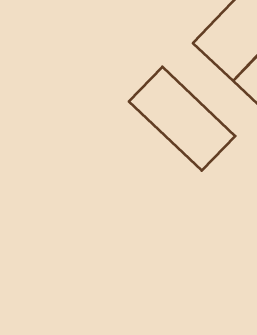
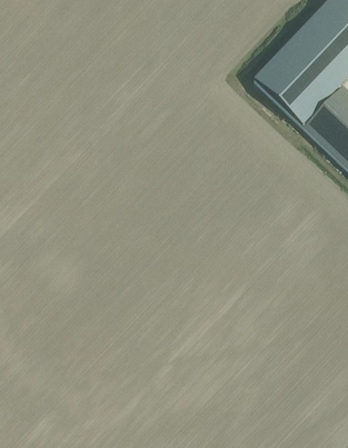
building: [129,67,235,171] -> none

